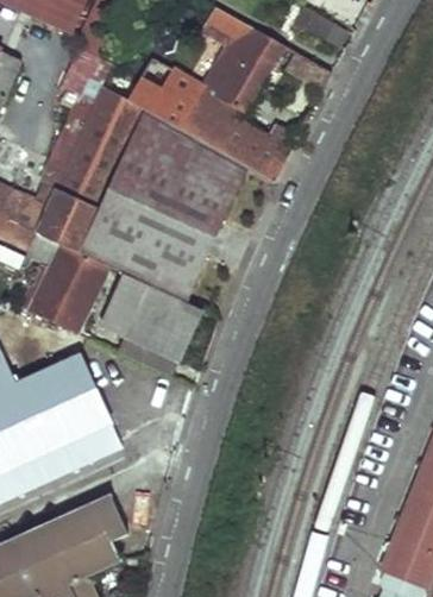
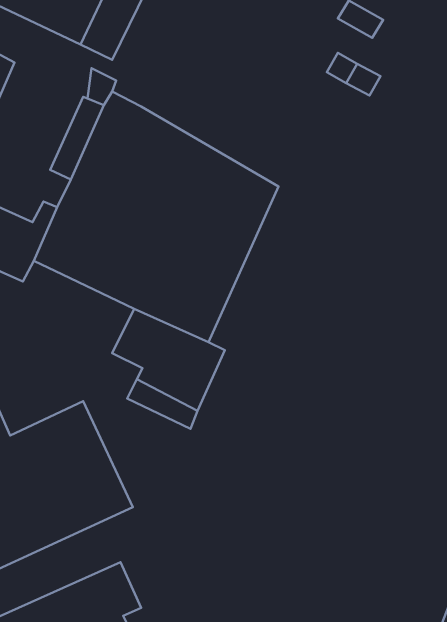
building: [128,15,300,182] -> none
building: [34,244,108,333] -> none

